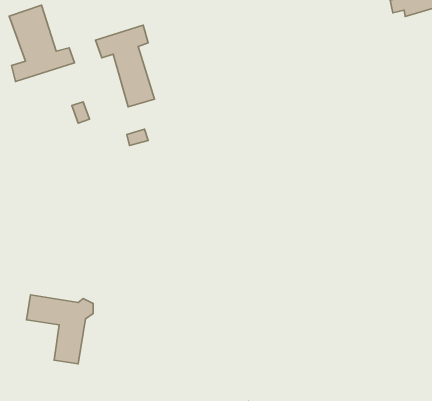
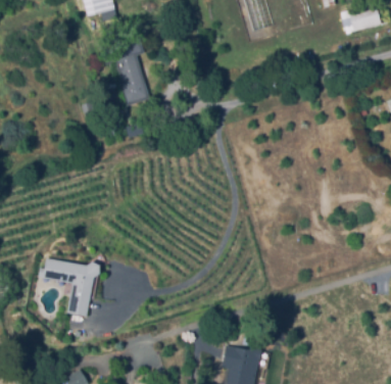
building: [9,5,75,81] -> none

